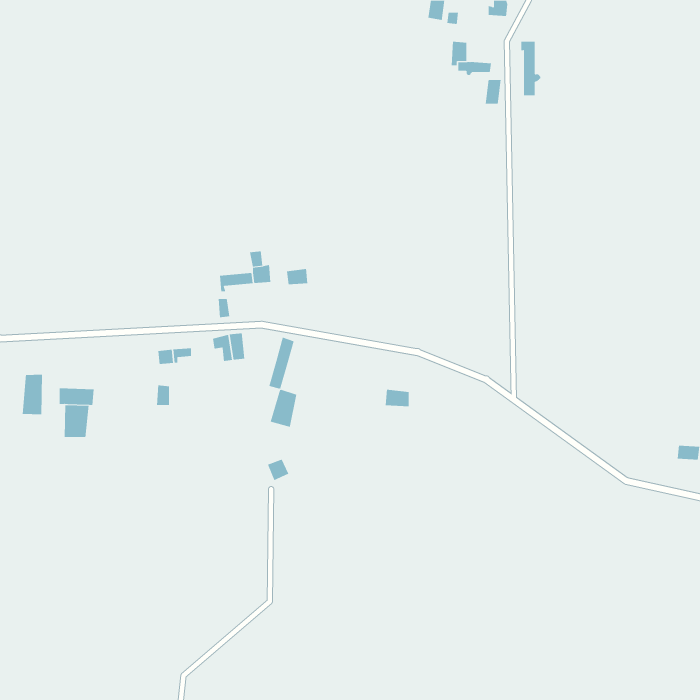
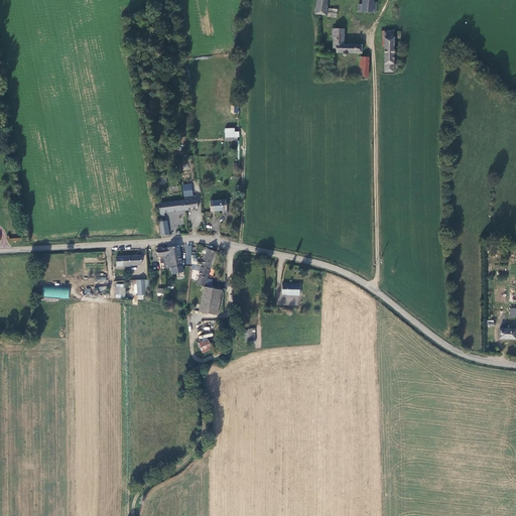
building: [22,374,43,415] -> none
building: [64,404,89,438] -> none

